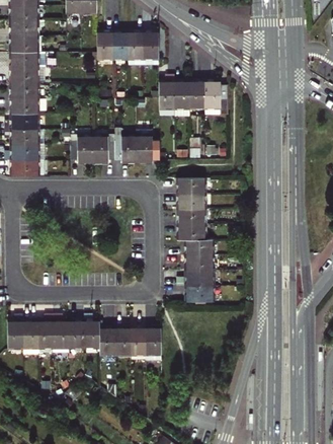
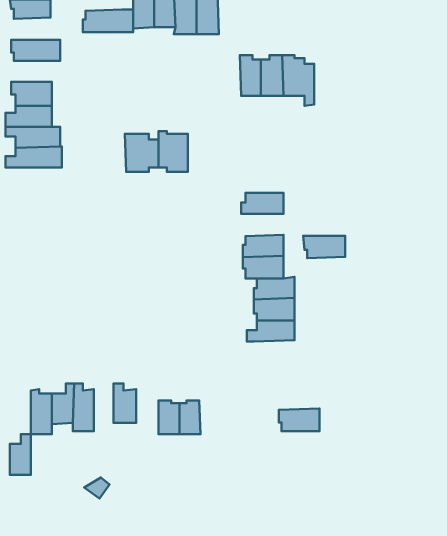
building: [9,52,46,68] -> [83,10,133,32]
building: [159,75,175,108] -> none
building: [9,83,38,98] -> none
building: [70,135,92,163] -> none
building: [137,136,160,163] -> none
building: [10,160,46,175] -> none
building: [175,194,205,210] -> [303,236,345,258]
building: [184,285,214,301] -> [279,409,320,431]
building: [8,316,23,346] -> [10,434,31,475]
building: [69,317,83,345] -> none
building: [99,328,115,353] -> none
building: [145,328,161,359] -> none

